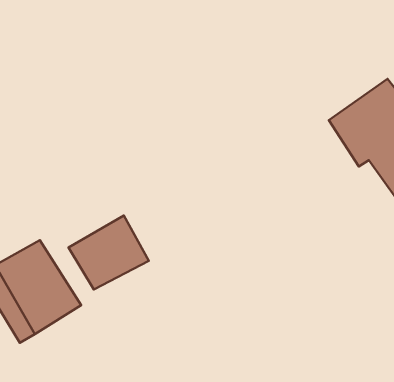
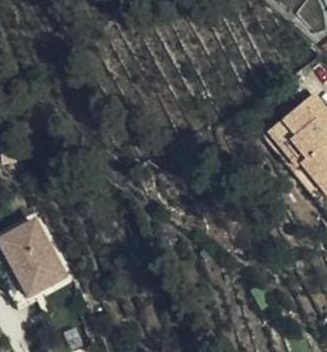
building: [69,215,149,289] -> none

